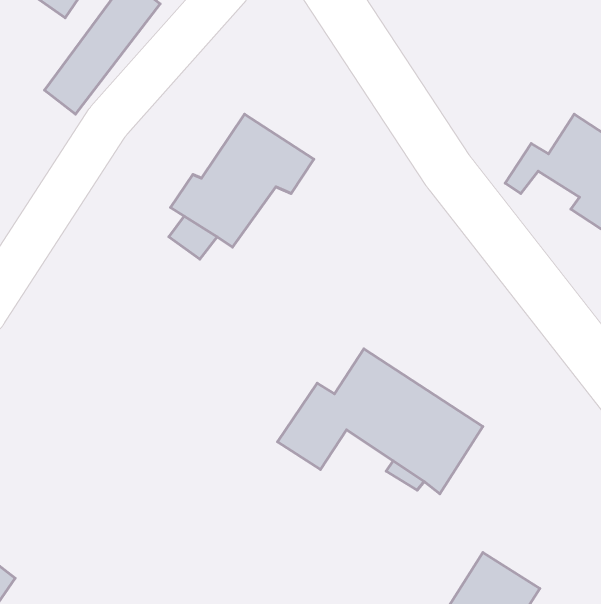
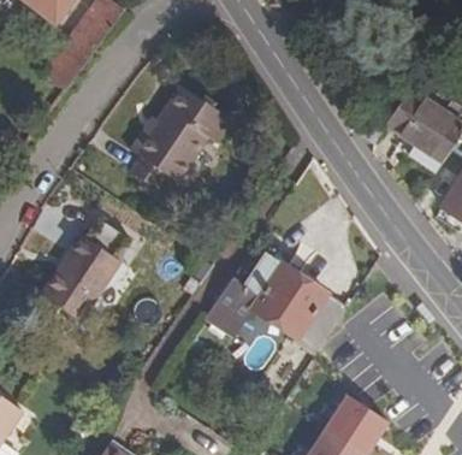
building: none -> [45,235,119,321]

